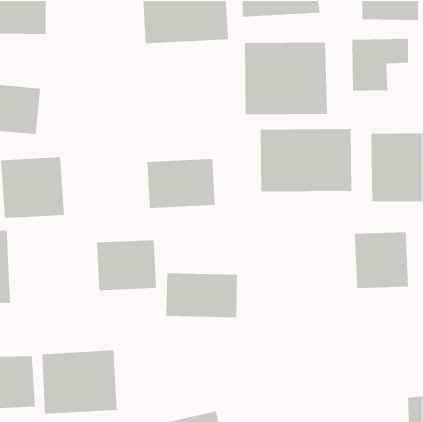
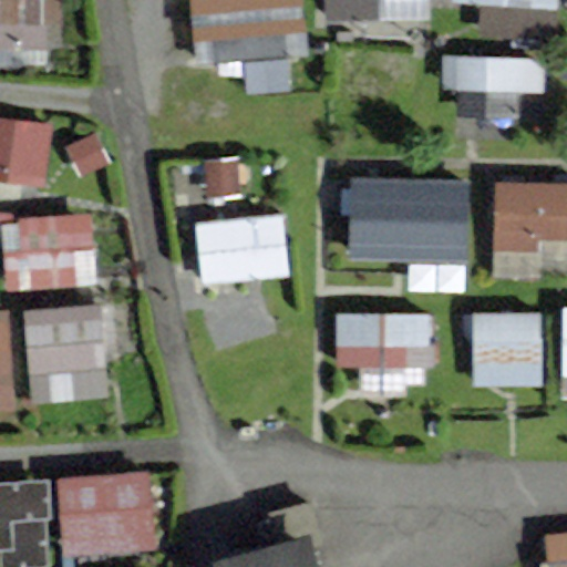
building: [244,42,328,115] -> none
building: [96,239,157,291] -> [24,305,105,373]
building: [166,272,238,318] -> [336,310,432,371]

